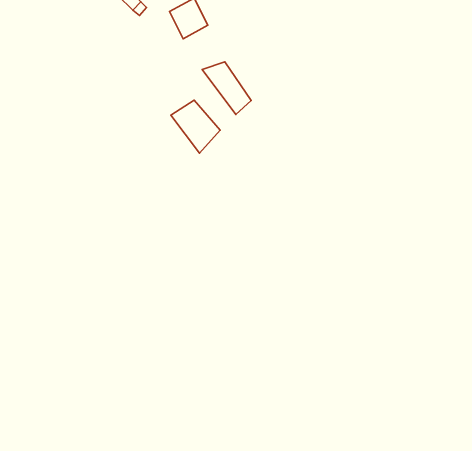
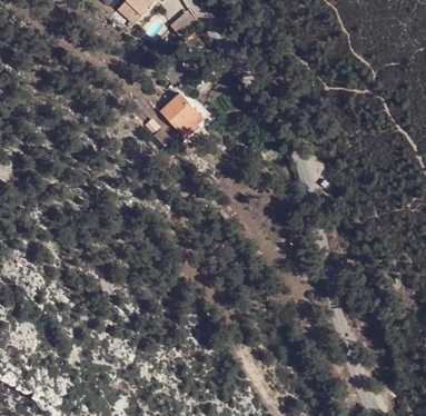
building: [202,62,251,115] -> none

